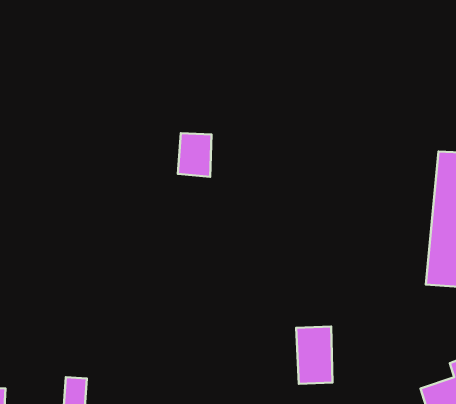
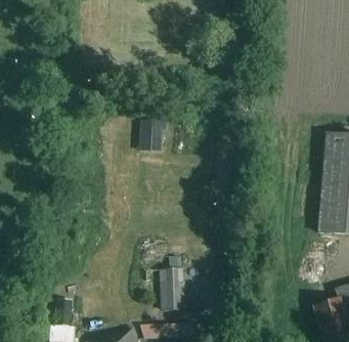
building: [296,326,333,384] -> [158,269,184,311]

